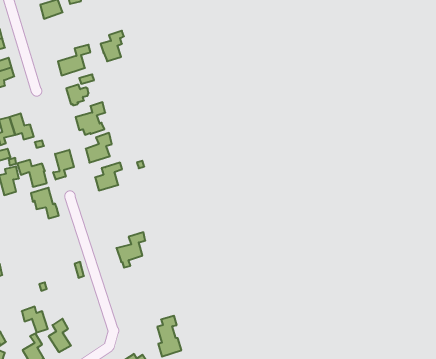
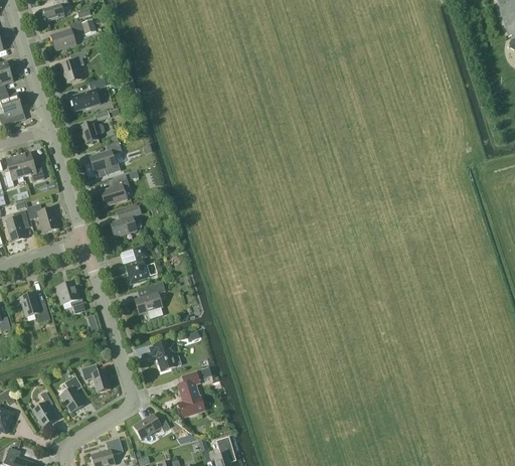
building: [101,31,124,61] -> [60,50,85,84]
building: [53,150,74,180] -> none
building: [31,188,59,218] -> [55,281,85,314]
building: none -> [125,246,149,284]
building: none -> [20,293,50,323]
building: none -> [150,341,176,370]
building: [22,307,48,333] -> [81,364,110,393]

